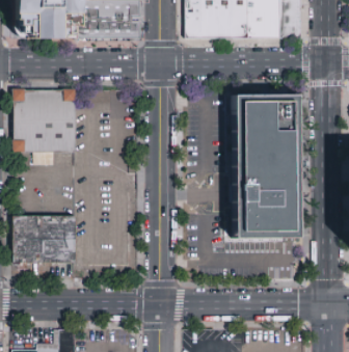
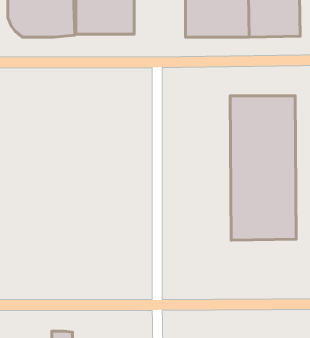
building: [15,90,79,165] -> none
building: [15,217,79,266] -> none

